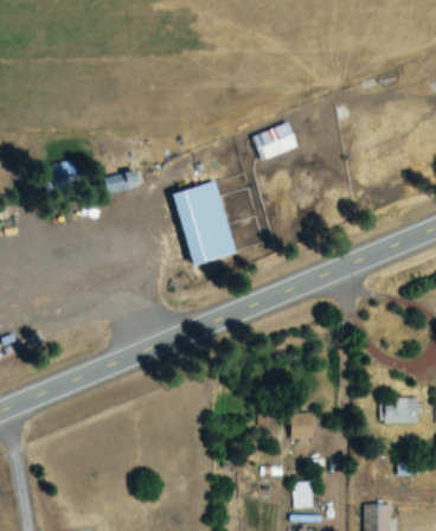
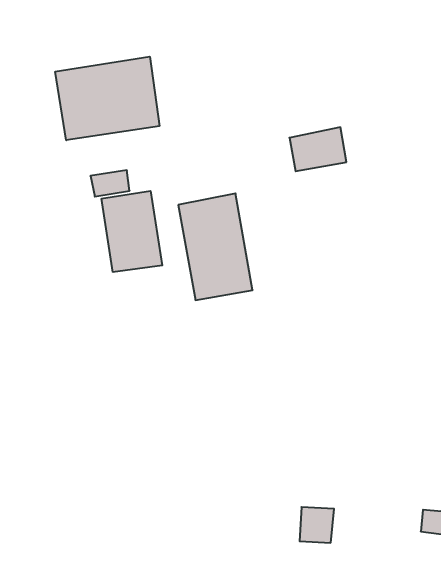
building: none -> [55,57,159,140]
building: none -> [102,191,162,272]

